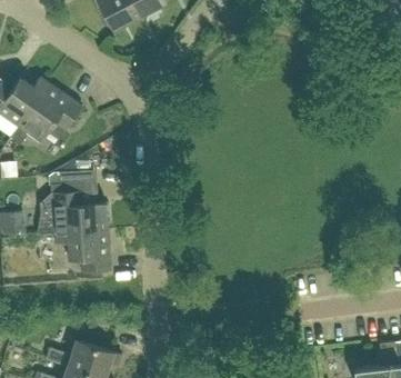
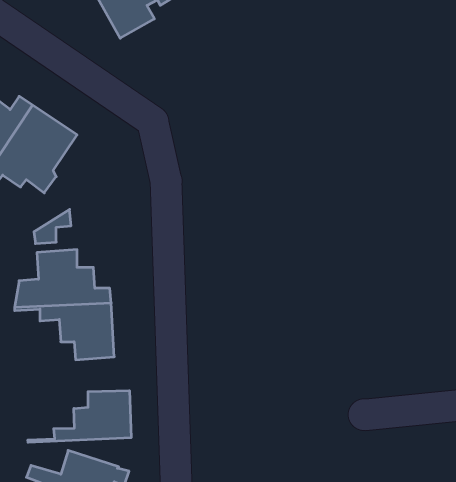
building: none -> [28,391,131,442]

